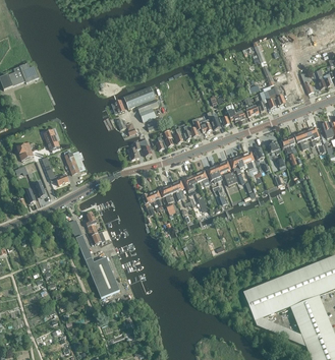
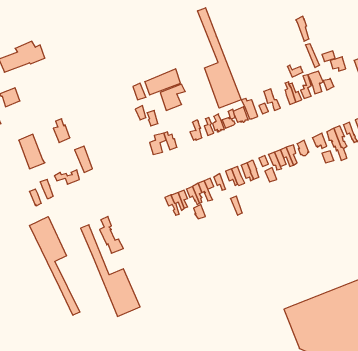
building: none -> [198,8,241,108]
building: none -> [30,217,80,315]

